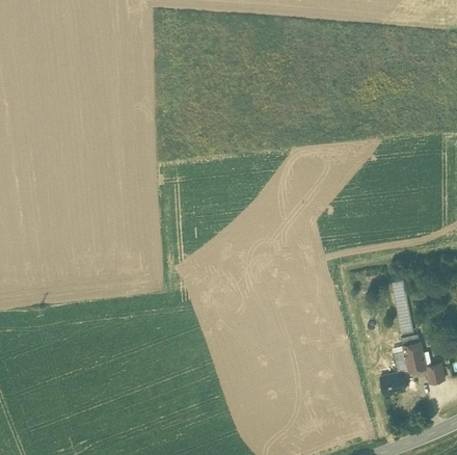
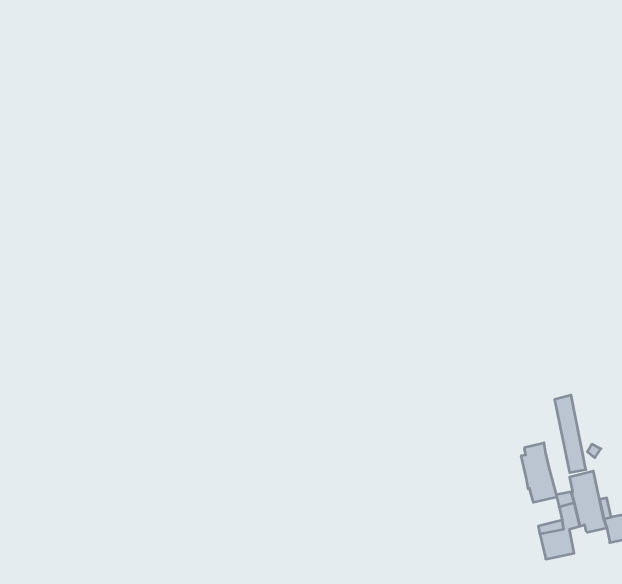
building: none -> [521,443,557,502]

